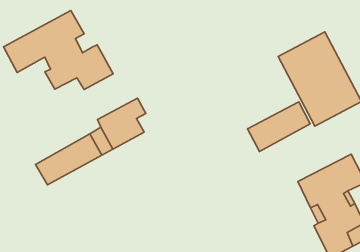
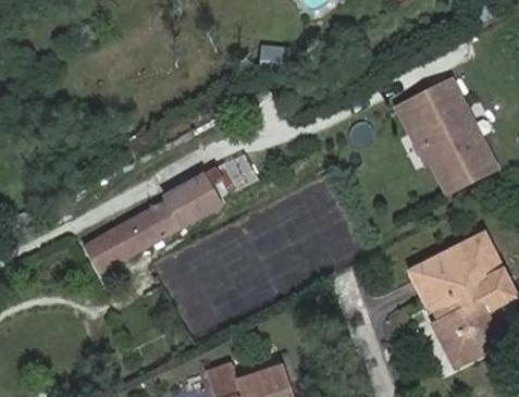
building: [4,10,113,89] -> none
building: [248,102,310,151] -> none

